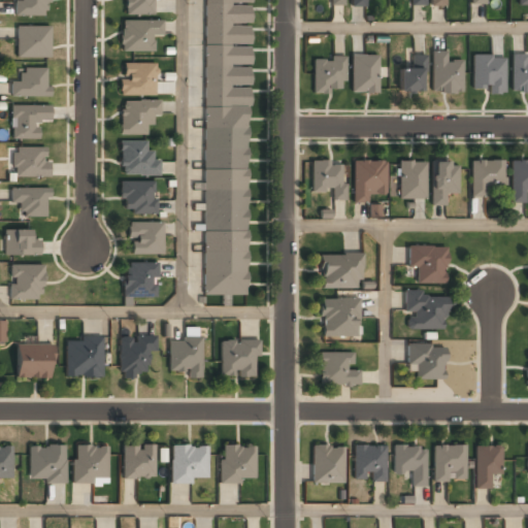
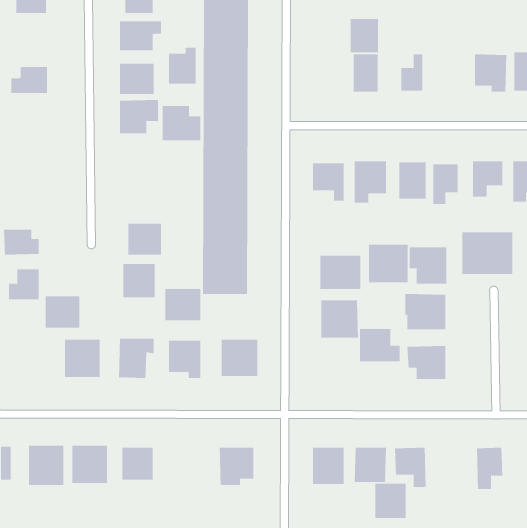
building: [19,24,53,56] -> none
building: none -> [169,47,196,85]
building: [434,51,461,91] -> none
building: [316,57,344,91] -> [350,19,379,53]
building: [13,103,51,136] -> none
building: [122,139,161,174] -> [162,106,201,141]
building: [14,144,51,174] -> none
building: [123,180,159,213] -> none
building: [13,187,51,213] -> none
building: none -> [462,231,513,275]
building: none -> [368,244,408,283]
building: none -> [165,288,201,321]
building: [18,344,53,376] -> [45,296,80,328]
building: [321,352,362,385] -> [359,329,401,362]
building: [435,444,467,480] -> [374,483,406,518]
building: [172,446,207,481] -> none

